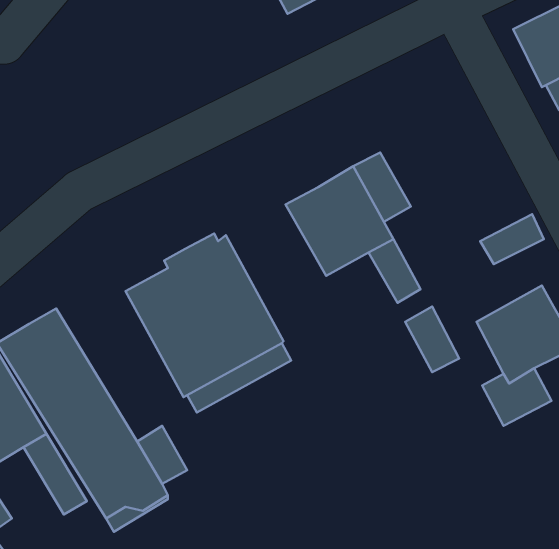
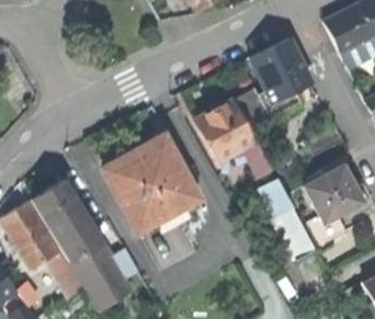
building: none -> [250,38,311,116]
building: none -> [274,207,317,261]

